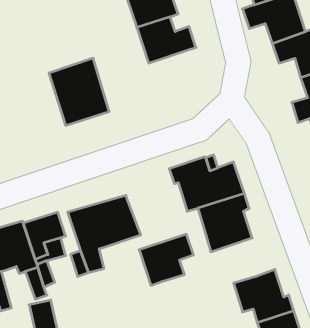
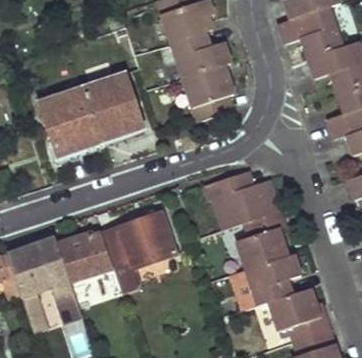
building: none -> [183,65,234,122]
building: none -> [39,89,99,157]
building: [139,234,193,285] -> [246,254,301,306]

